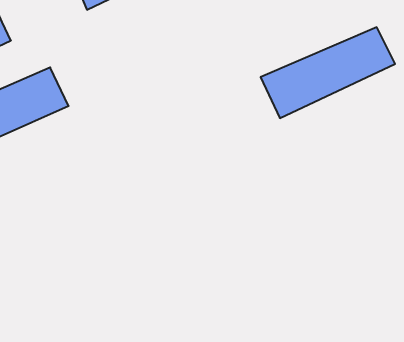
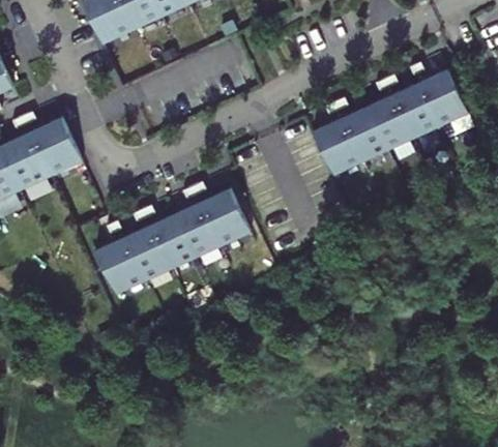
building: none -> [94,186,248,296]

